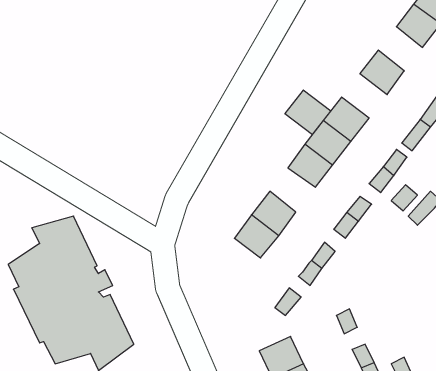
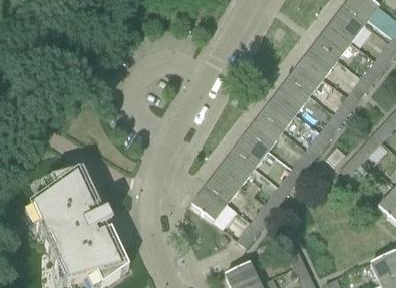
building: none -> [317,22,351,56]
building: [285,90,331,135] -> [289,58,324,92]
building: none -> [234,130,269,165]
building: none -> [192,185,227,218]

